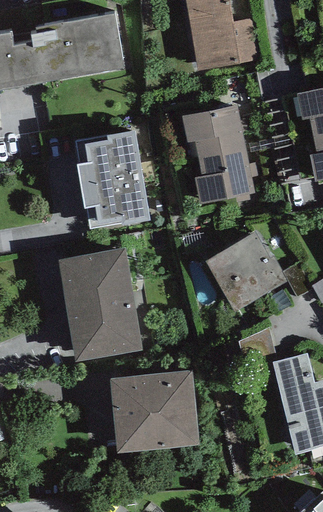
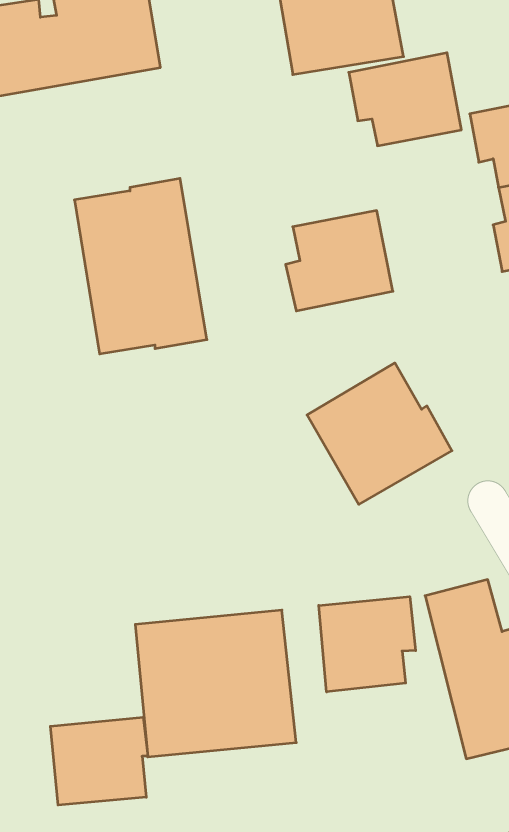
building: [181,104,244,156] -> [349,53,461,146]
building: [57,247,142,362] -> none
building: none -> [319,597,416,692]
building: none -> [50,717,148,805]

